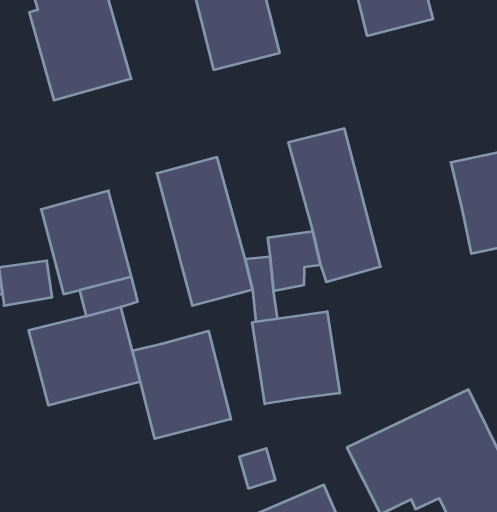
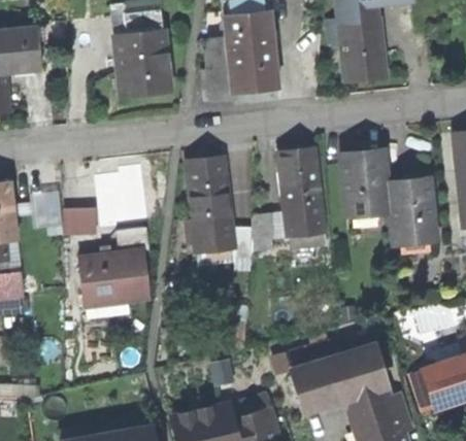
building: none -> [340,149,390,218]
building: [252,311,340,404] -> none
building: [133,331,231,439] -> none

